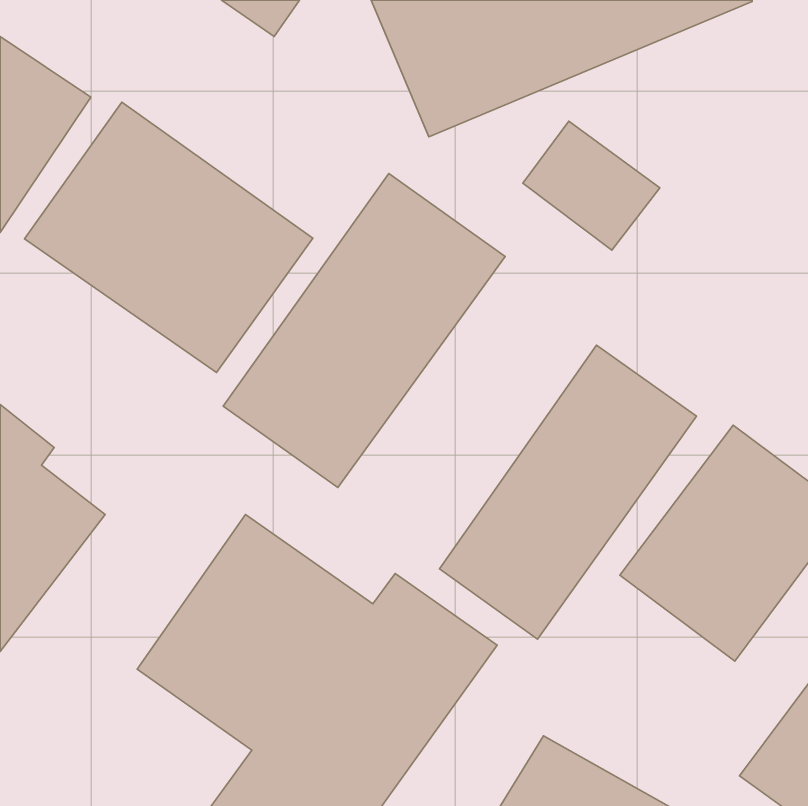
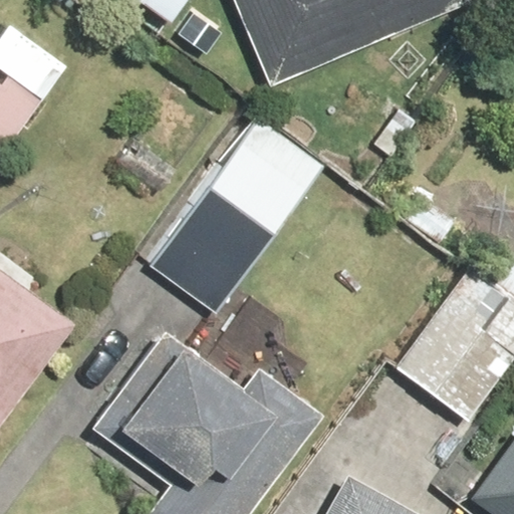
building: [25,102,313,372] -> none
building: [439,345,696,639] -> none

